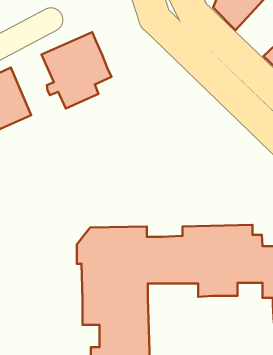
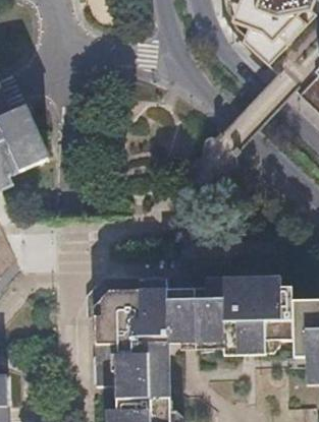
building: [42,32,111,109] -> none

